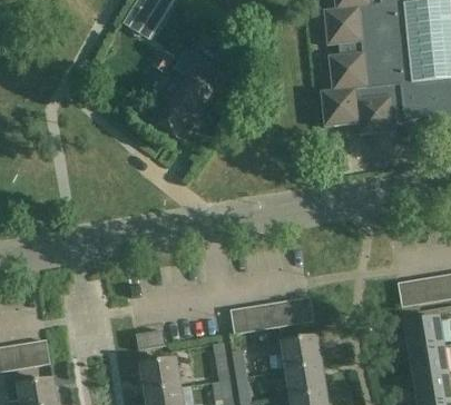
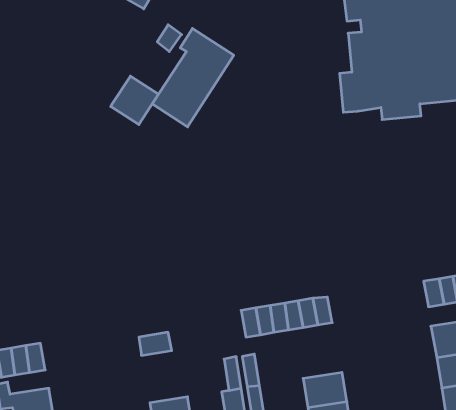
building: none -> [111,76,158,125]
building: [282,337,322,372] -> none
building: [141,360,180,394] -> none

